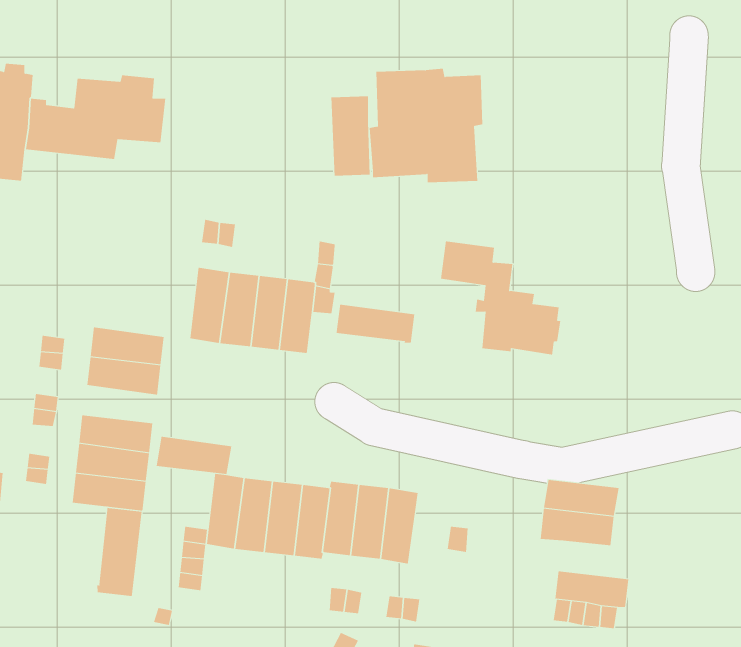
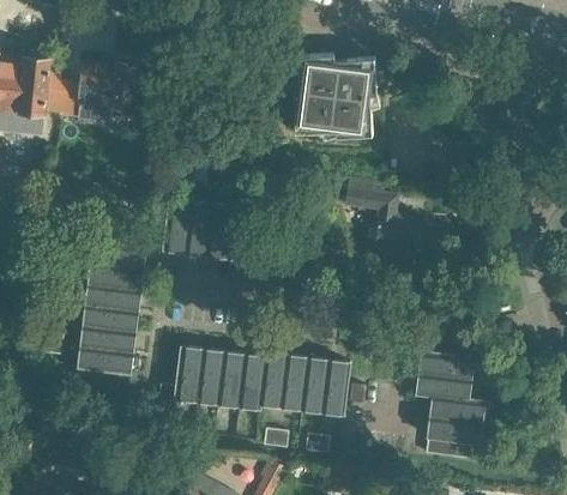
building: [331,96,370,176] -> none
building: [336,304,415,343] -> none
building: [156,436,232,474] -> [85,284,140,312]
building: none -> [321,362,349,416]
building: [97,507,142,597] -> none
building: none -> [429,397,484,424]

